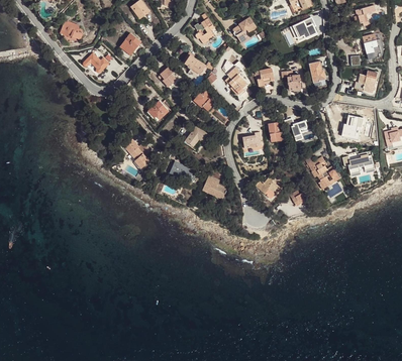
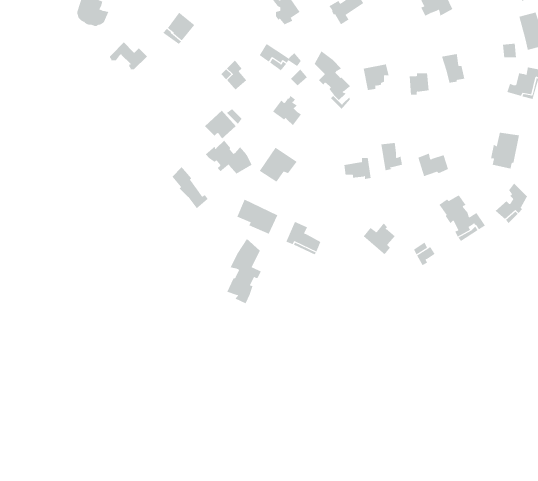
building: none -> [205,140,253,174]
building: none -> [227,238,261,304]

